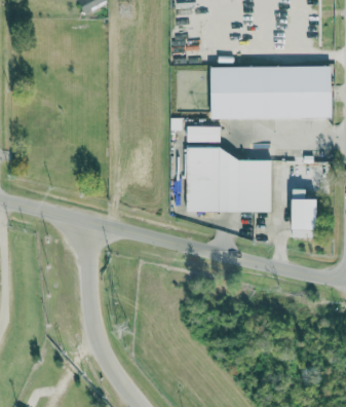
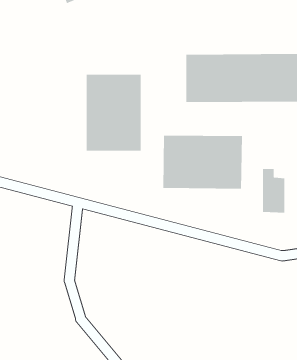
building: none -> [86,74,142,151]
building: [186,126,220,142] -> none

